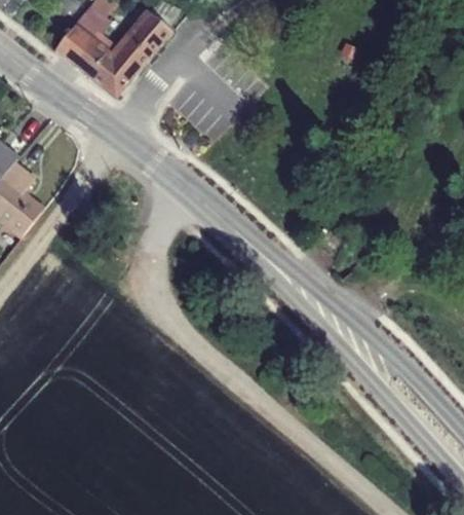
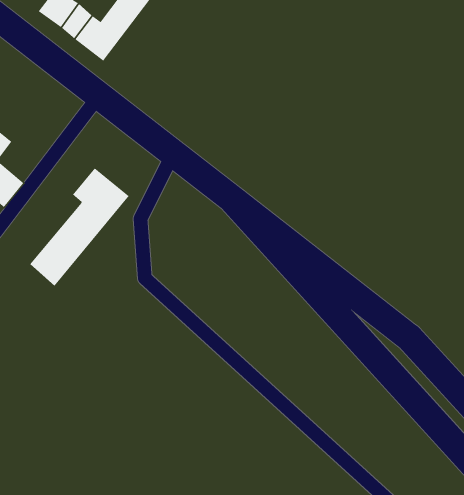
building: none -> [30,167,130,286]

